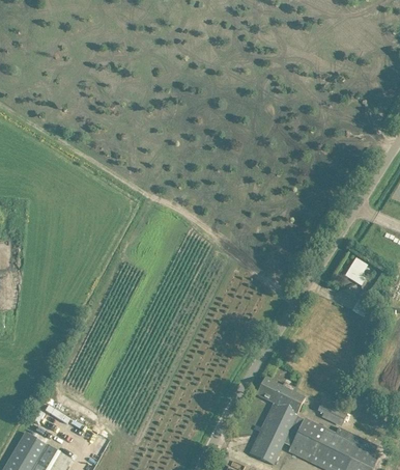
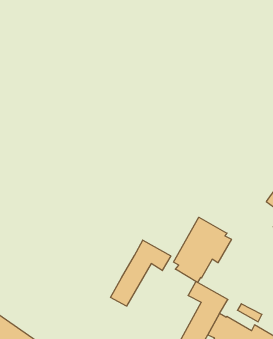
building: none -> [174,217,231,282]
building: none -> [111,240,171,306]

